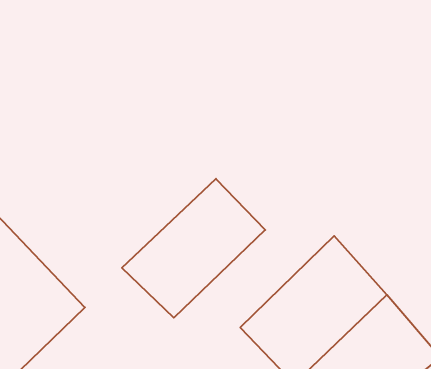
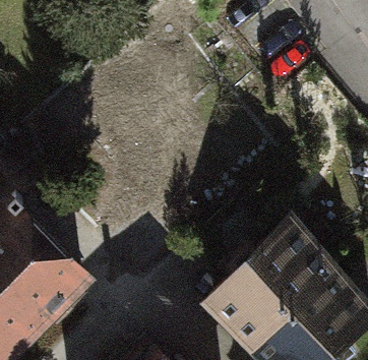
building: [122,179,265,318] -> none

